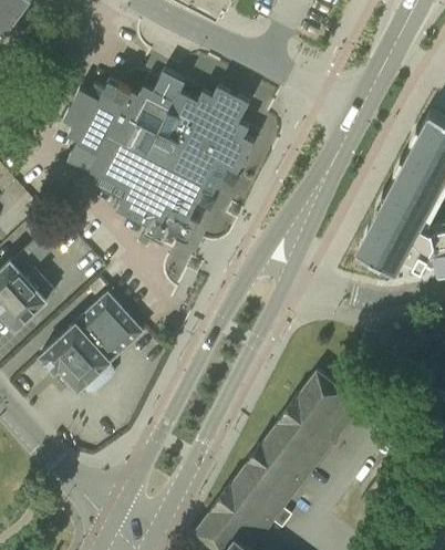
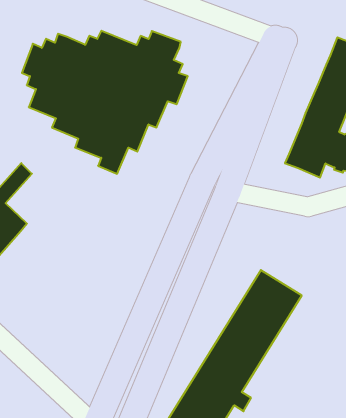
building: [40,294,142,393] -> none

